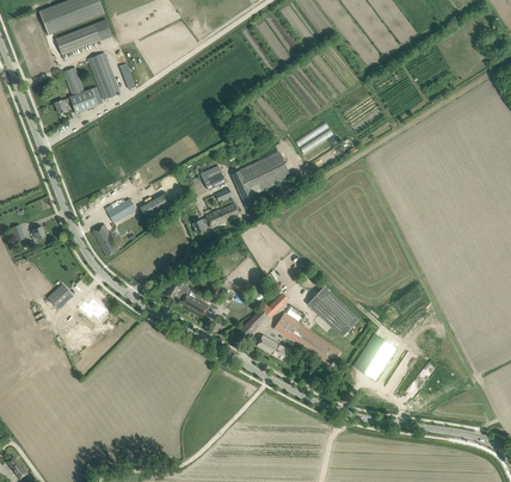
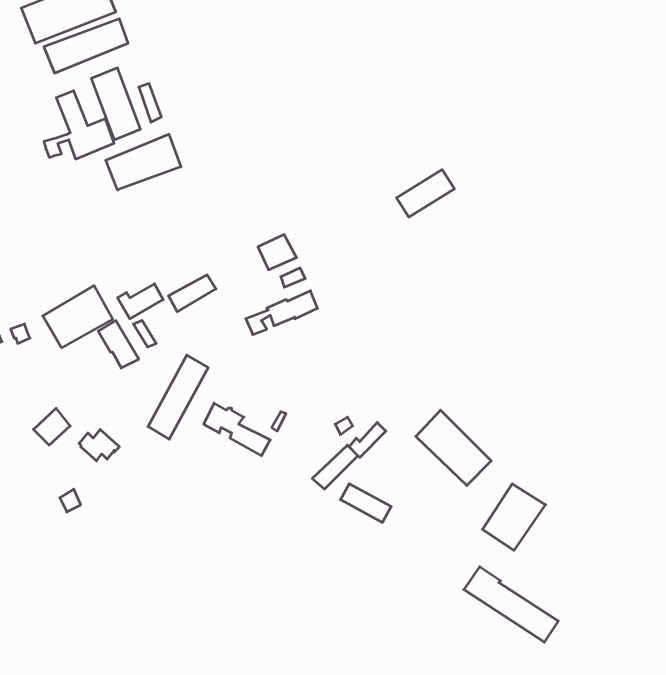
building: none -> [106,134,181,190]
building: [230,150,291,208] -> none
building: none -> [43,286,113,348]
building: none -> [148,355,208,439]
building: [275,313,339,364] -> [464,567,558,642]

